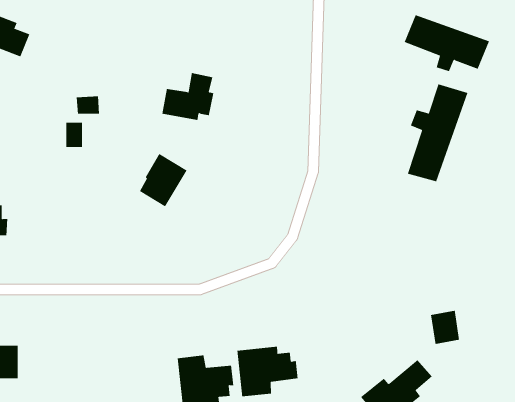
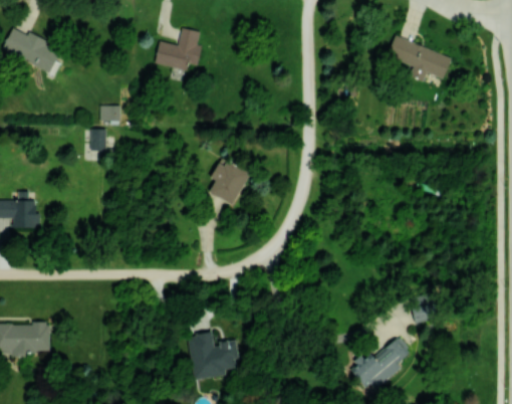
building: [161,72,214,121] -> [155,28,201,70]
building: [407,84,468,182] -> none
building: [139,153,187,207] -> [209,159,251,206]
building: [237,346,298,397] -> none

